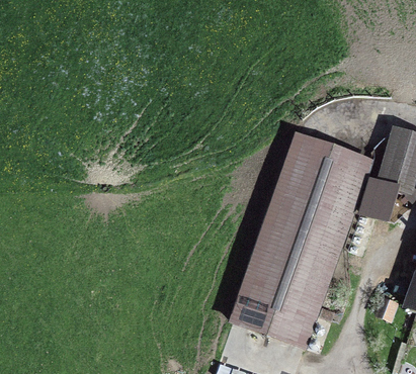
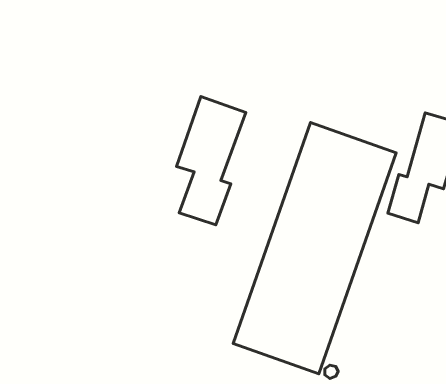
building: none -> [177,97,246,225]

